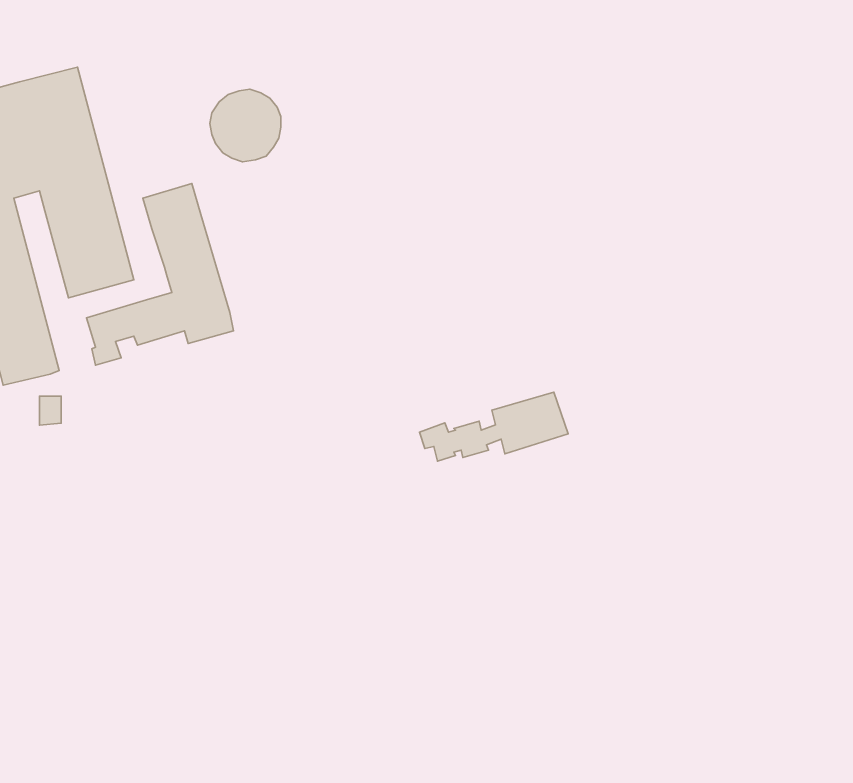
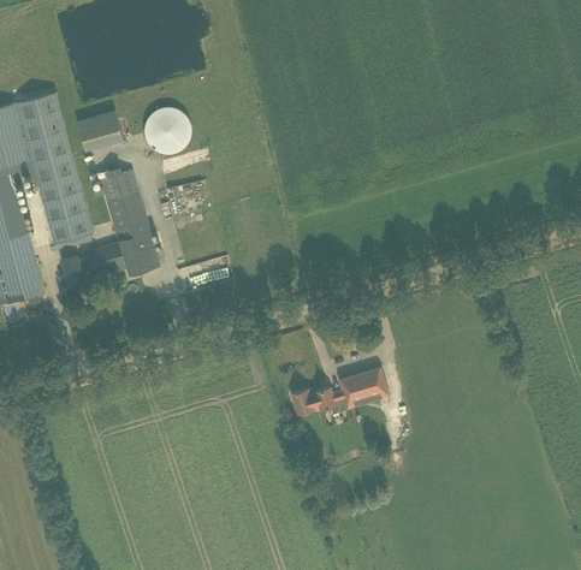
building: none -> [79,109,128,150]
building: [419,392,568,461] -> [290,368,389,414]

